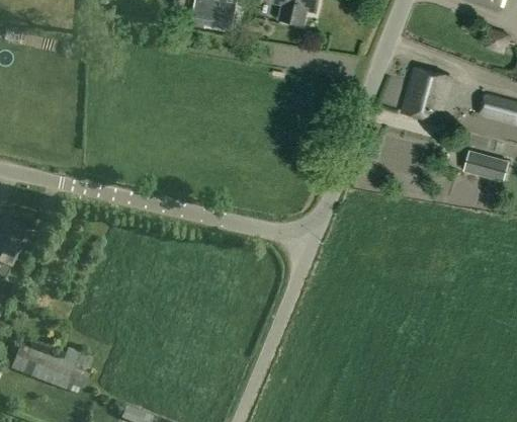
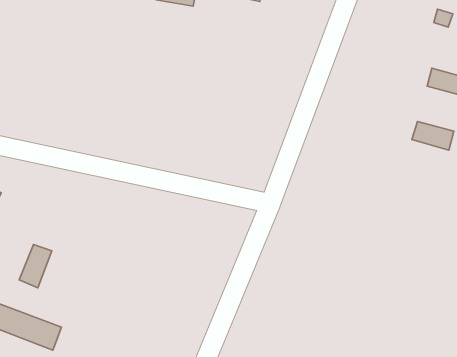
building: [402,68,451,121] -> none
building: none -> [19,244,52,288]

